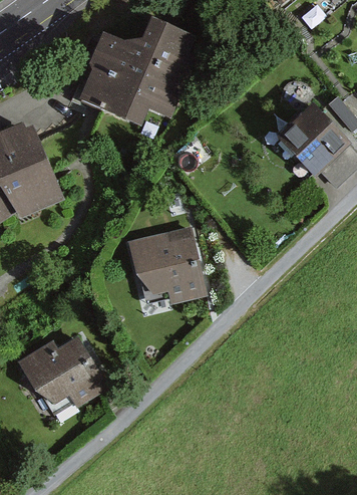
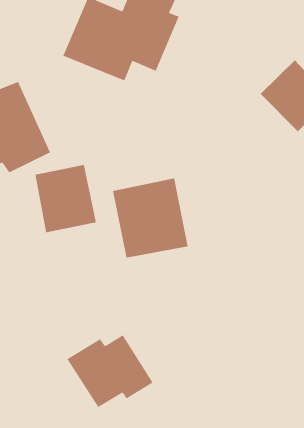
building: none -> [35,164,97,233]
building: [18,336,107,412] -> [66,335,153,408]

